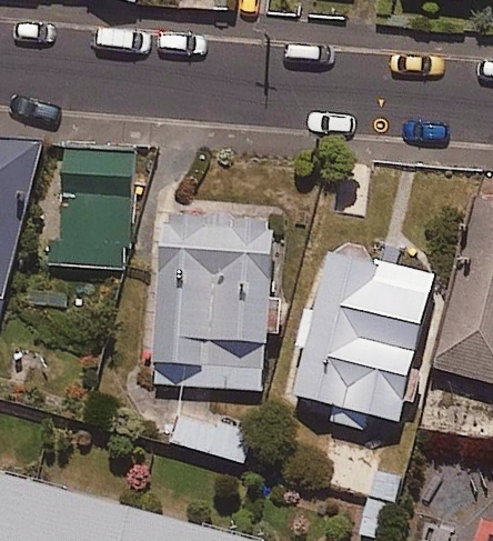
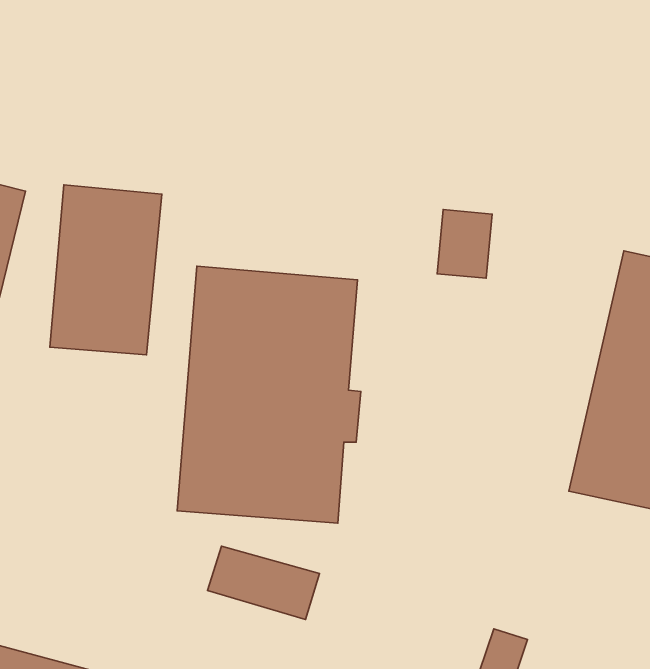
building: [292,249,433,430] -> none

